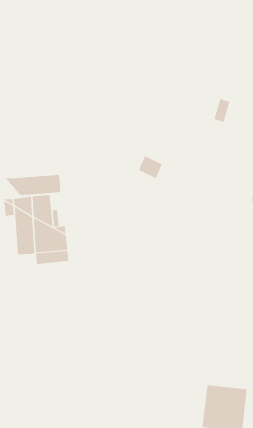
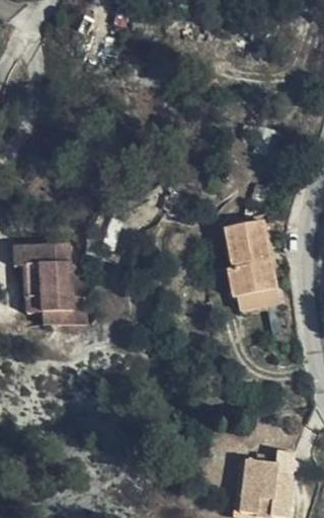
building: [5,174,61,196] -> none
building: none -> [225,224,278,313]

